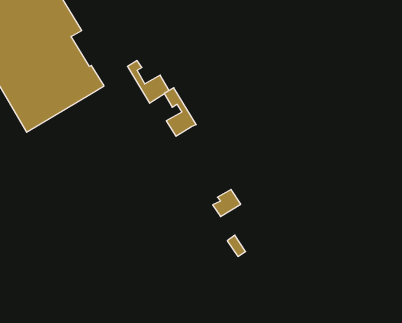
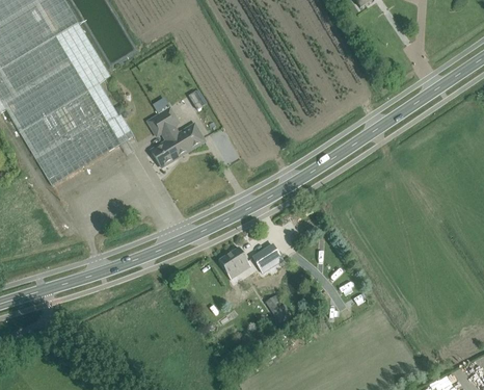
building: [164,88,196,136] -> [149,113,183,165]
building: none -> [219,246,247,277]

